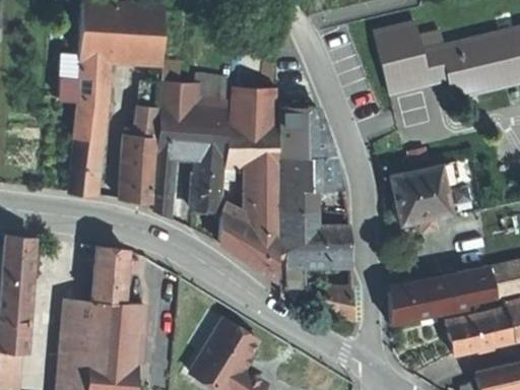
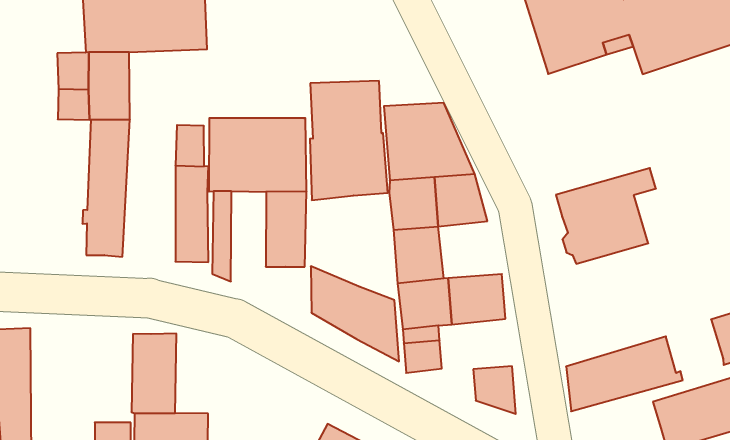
building: [160,63,228,111] -> none
building: [253,166,277,239] -> none
building: [458,267,496,303] -> none

